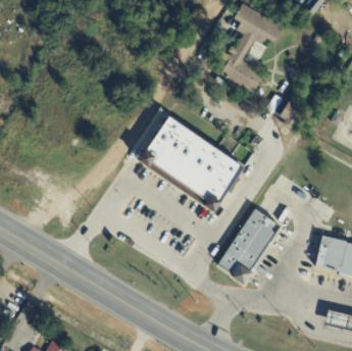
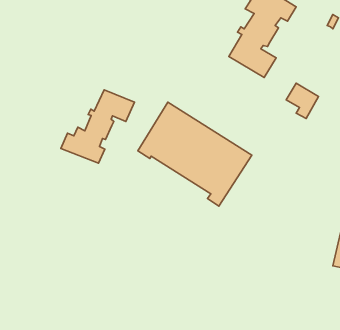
building: none -> [61,90,134,163]
building: [215,209,279,286] -> none

